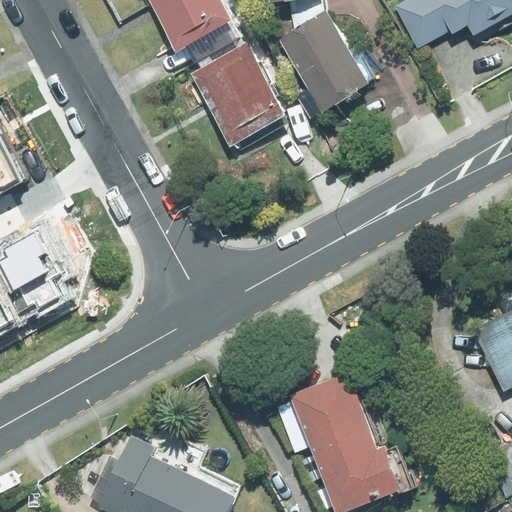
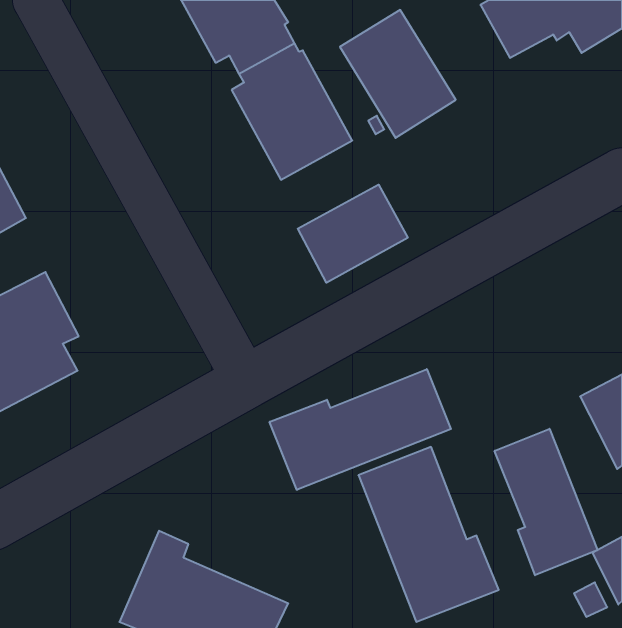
building: none -> [298,185,408,283]
building: none -> [270,369,451,490]
building: none -> [495,429,597,575]

